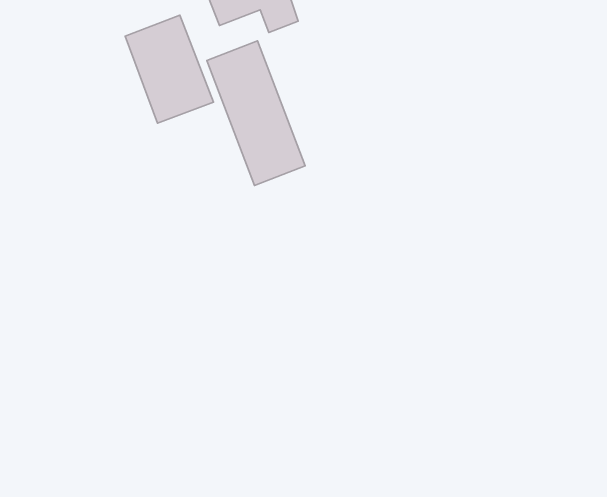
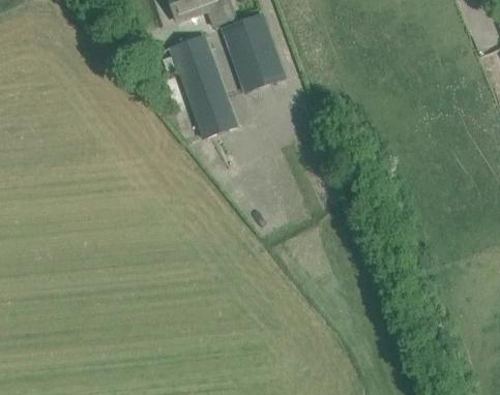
building: [125,15,214,123] -> [222,12,287,92]

